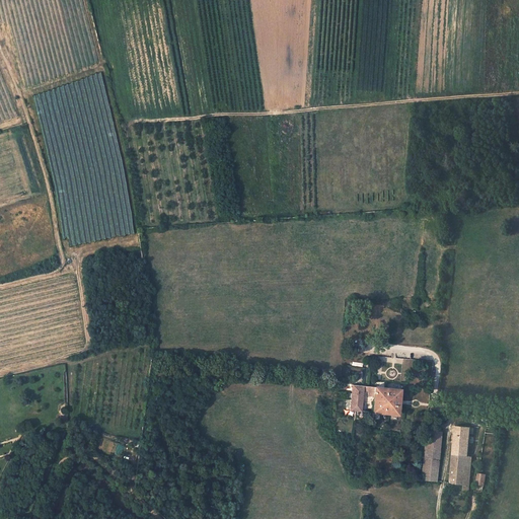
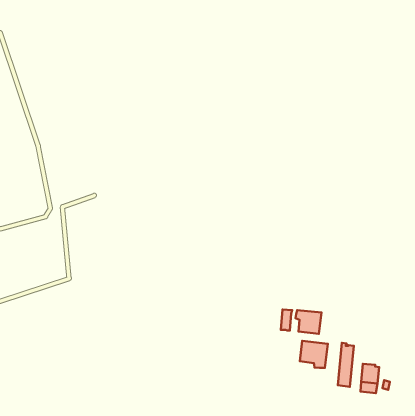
building: none -> [300,341,328,368]
building: [453,427,471,454] -> none

